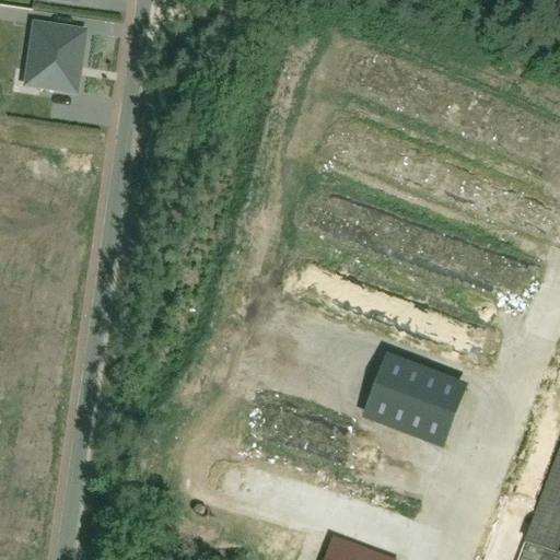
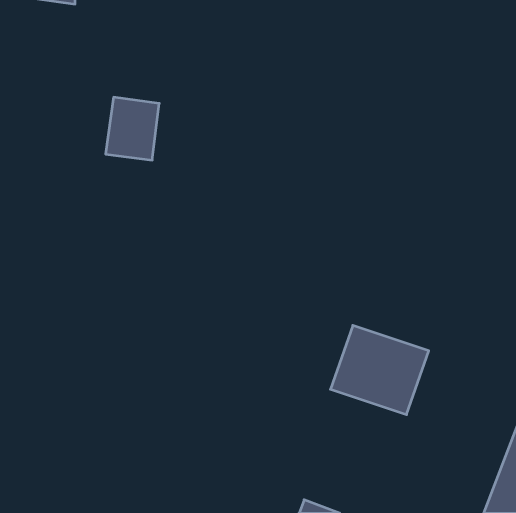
building: [27,22,85,90] -> [106,97,159,160]

